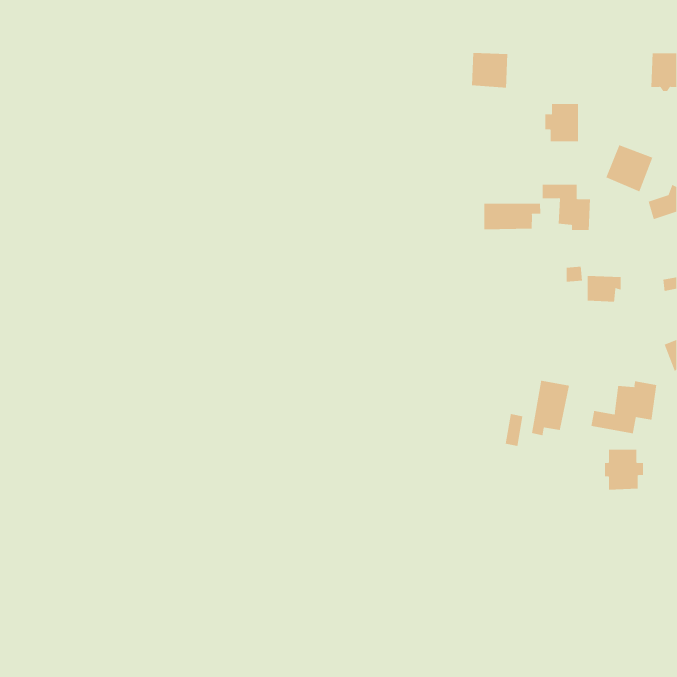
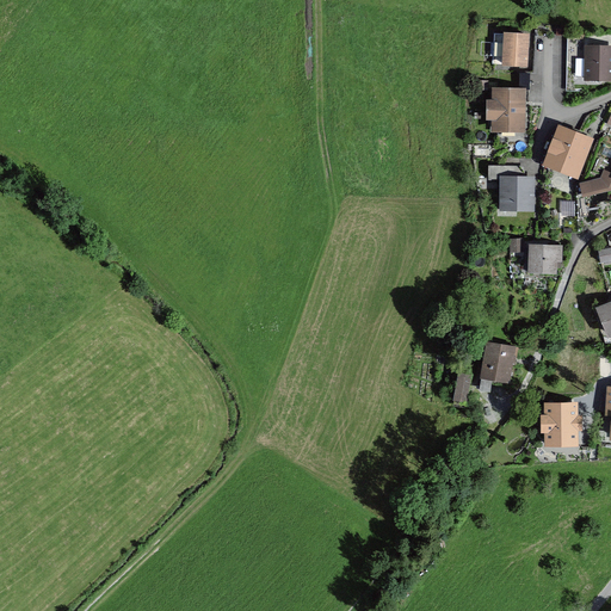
building: [471,52,508,88] -> [493,33,526,66]
building: [484,203,541,230] -> none
building: [591,381,657,434] -> none

